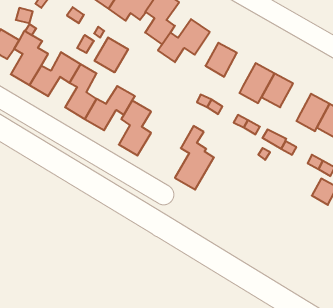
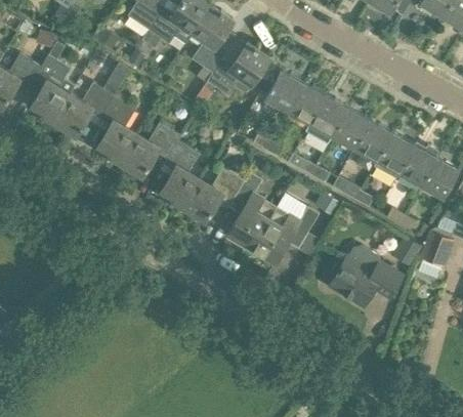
building: [95,37,128,72] -> none
building: none -> [287,84,325,124]
building: none -> [354,121,391,162]
building: none -> [182,169,243,221]
building: none -> [252,206,319,262]
building: none -> [329,246,405,305]

